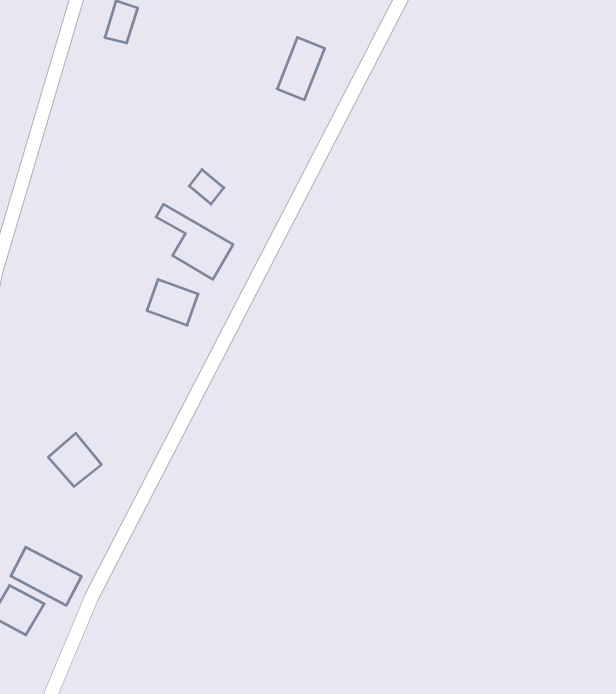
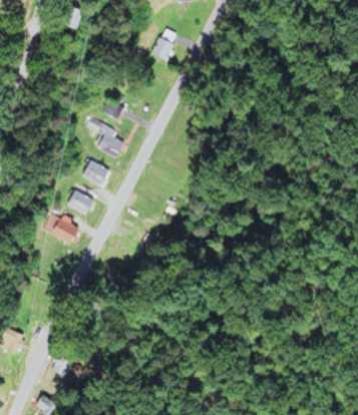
building: none -> [66,187,95,216]
building: [48,433,101,486] -> [50,215,79,244]
building: [11,547,81,605] -> none

